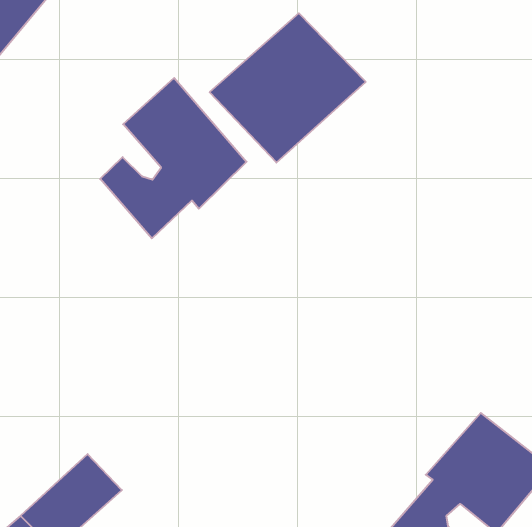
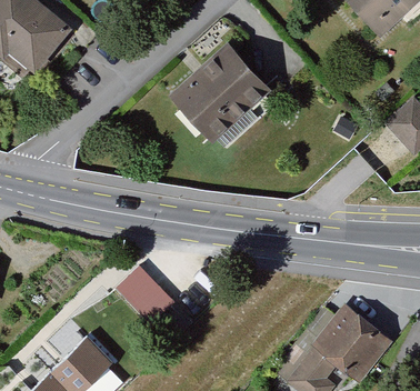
building: [100,78,247,238] -> none
building: none -> [122,270,180,328]

